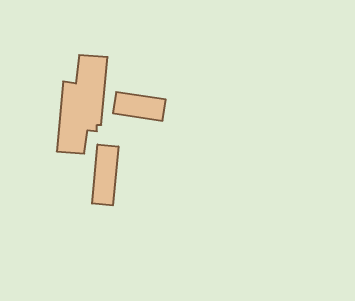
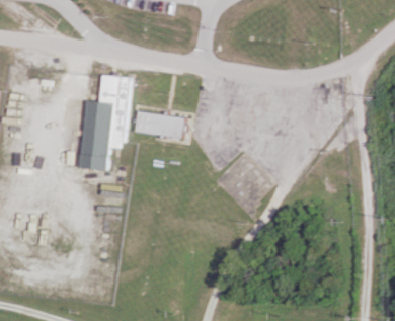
building: [92,144,118,205] -> none

